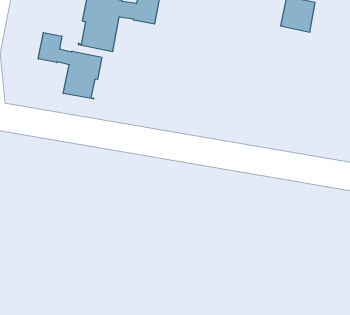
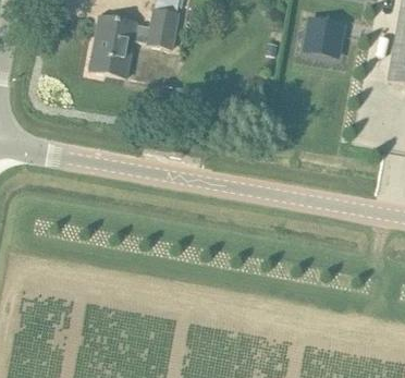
building: [38,32,102,99] -> none

